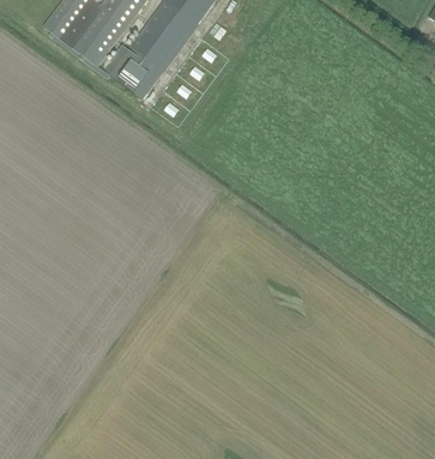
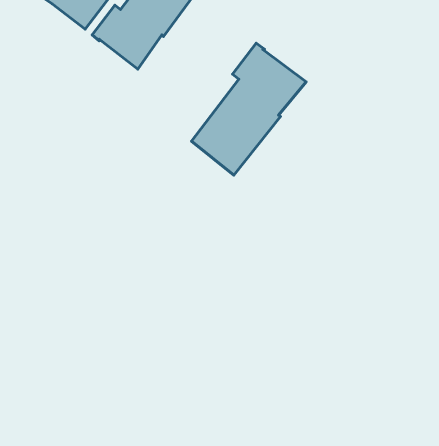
building: none -> [192,43,306,175]

